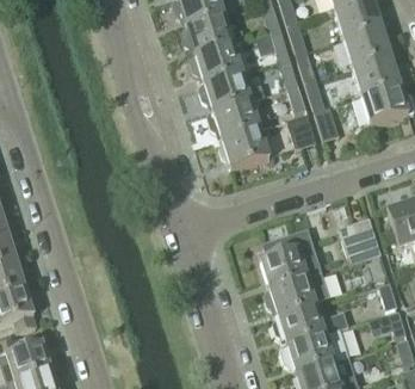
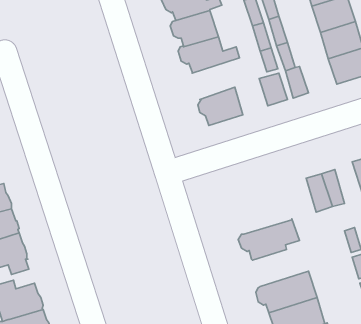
building: [206,98,272,138] -> none
building: [259,226,321,285] -> none
building: [271,302,347,342] -> none

